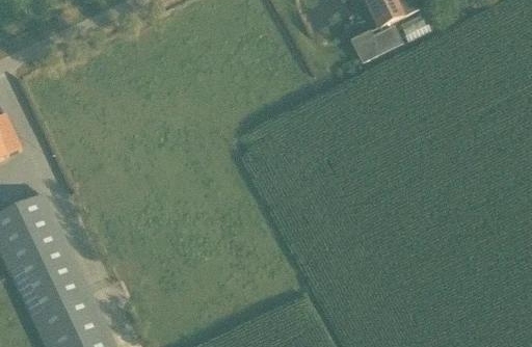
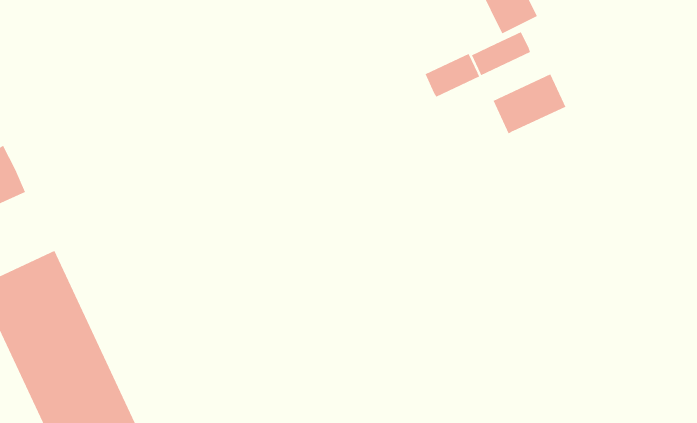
building: none -> [425,53,480,98]
building: none -> [493,73,566,135]

